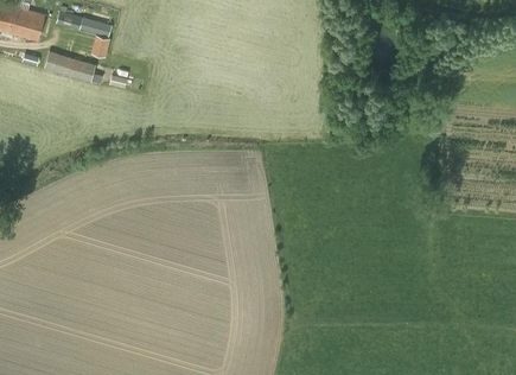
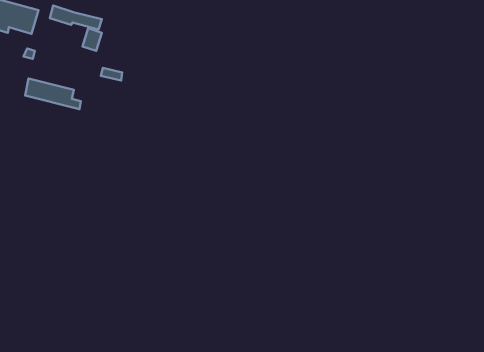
building: [45,51,103,83] -> [25,79,81,109]

